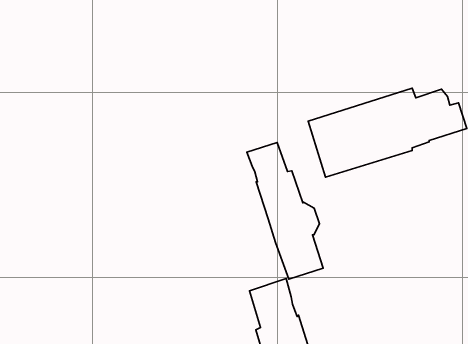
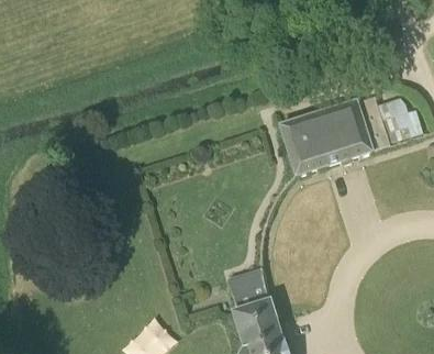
building: [247,143,323,279] -> none

